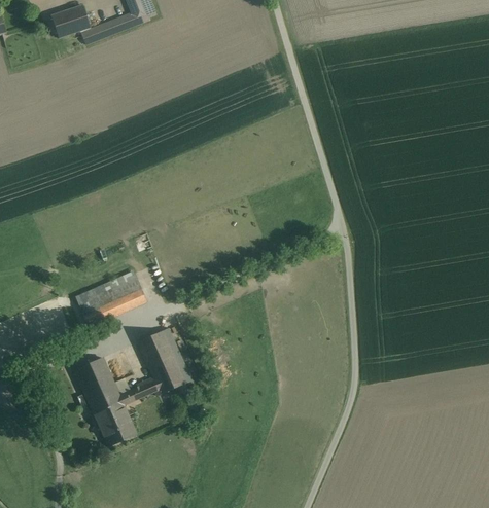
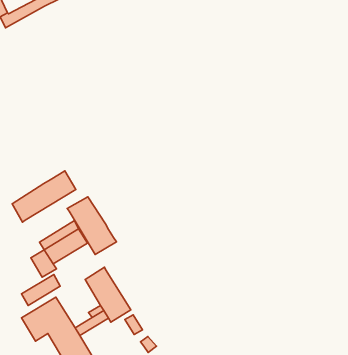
building: none -> [12,171,76,222]
building: none -> [67,197,116,255]
building: none -> [22,275,60,305]

